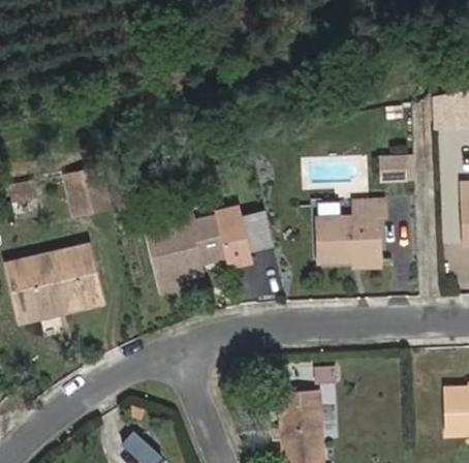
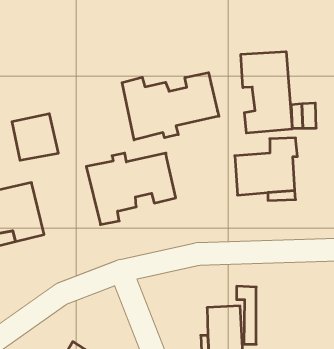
building: none -> [241,52,292,133]
building: none -> [122,73,219,140]
building: [238,213,269,250] -> none

